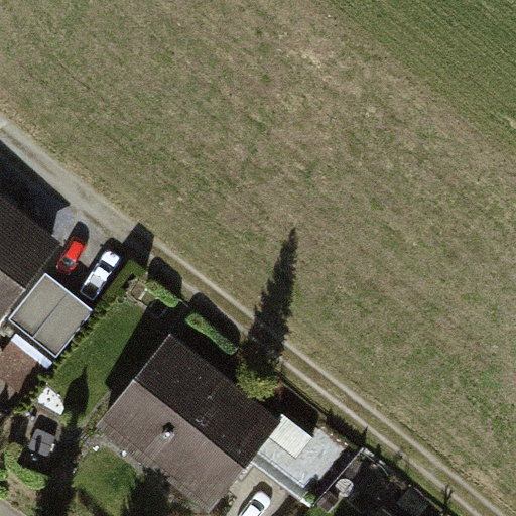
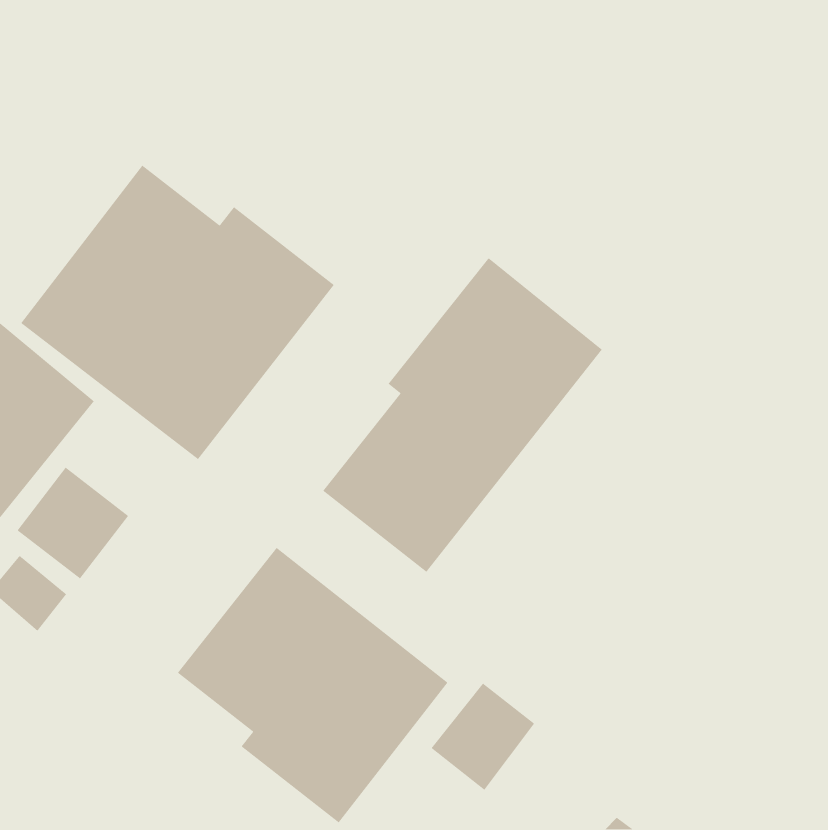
building: none -> [20,164,335,460]
building: none -> [322,257,603,573]

